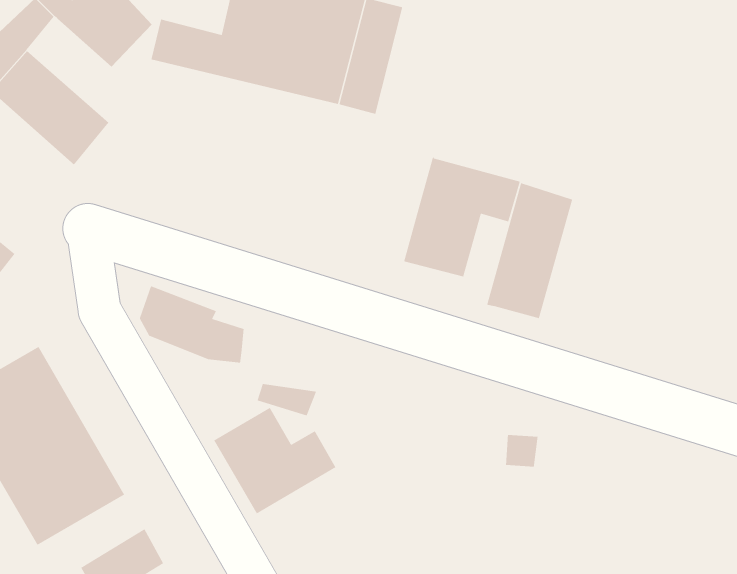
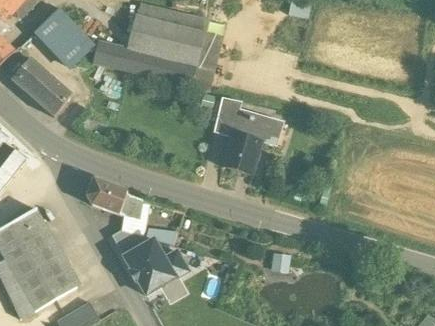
building: none -> [212,96,241,136]
building: [486,182,573,319] -> none
building: none -> [111,230,153,256]

